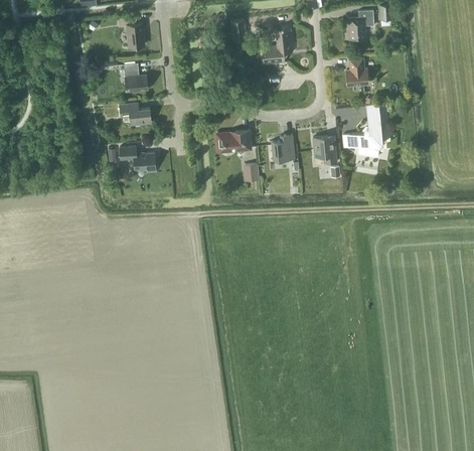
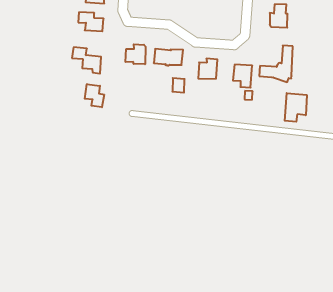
building: none -> [126,44,145,64]
building: none -> [285,93,307,122]
building: none -> [85,84,104,107]

